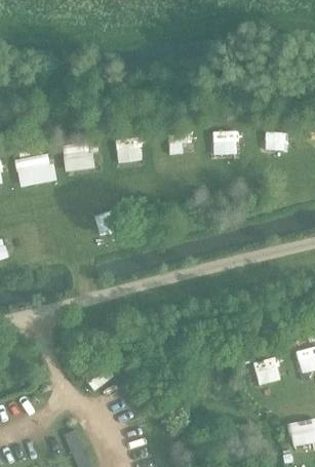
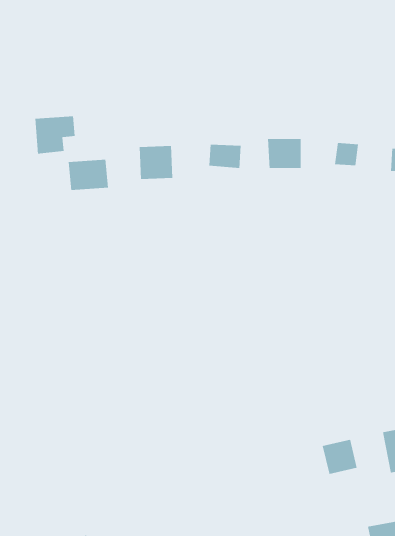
building: [17,152,48,181] -> [34,116,75,154]

